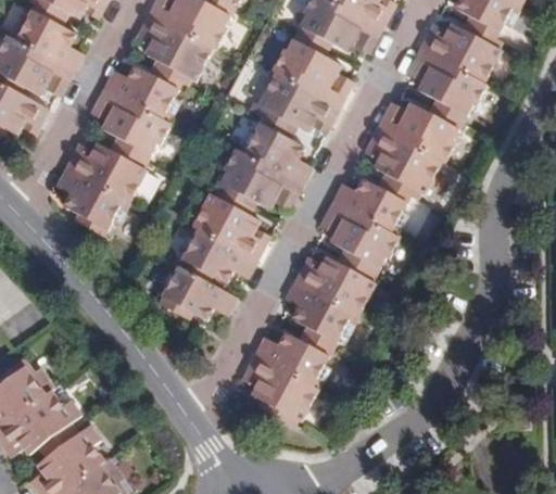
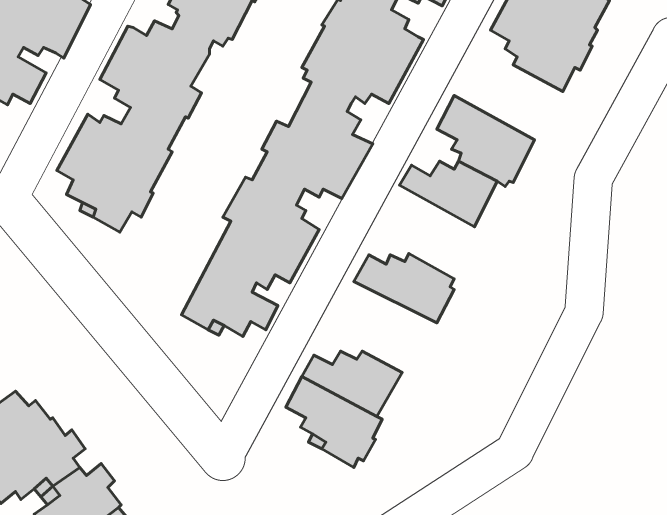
building: [377,100,465,164] -> none
building: [317,198,402,274] -> none
building: [283,276,363,350] -> none

